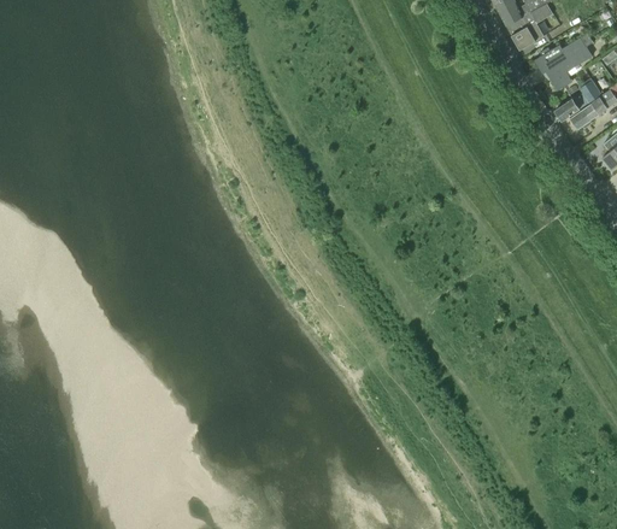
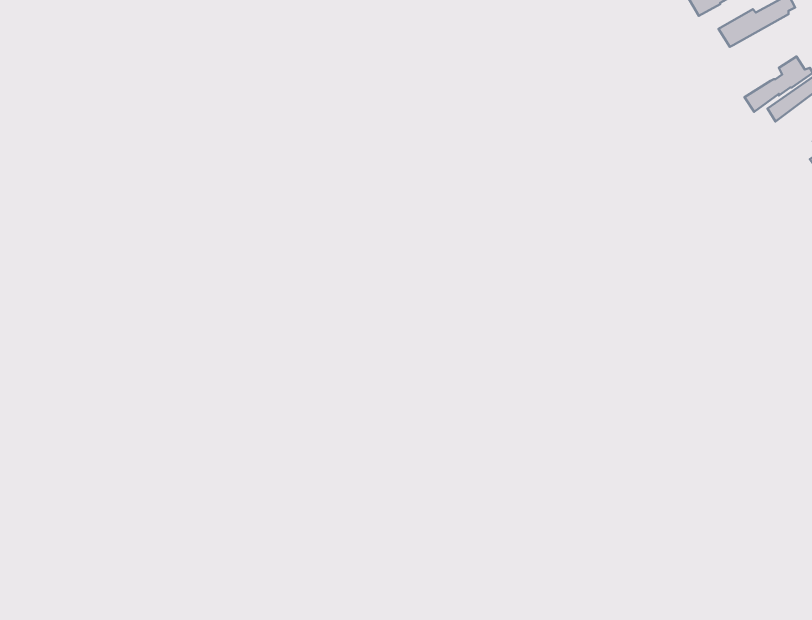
building: [546,49,592,92] -> none

